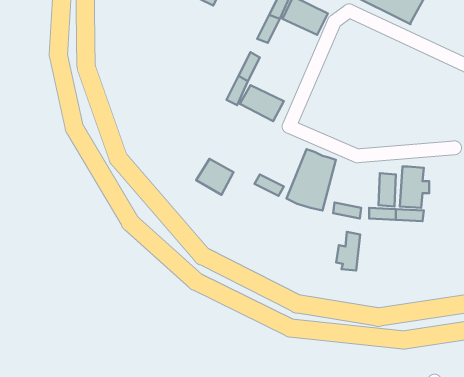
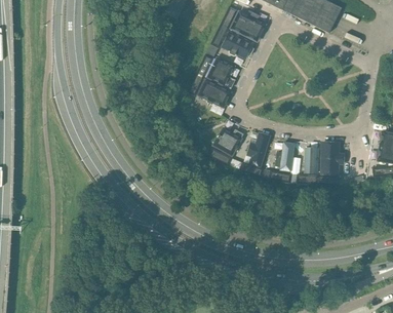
building: none -> [222,32,252,58]
building: none -> [207,57,237,87]
building: [196,159,234,195] -> [212,128,241,156]
building: [336,232,360,271] -> [275,142,293,171]

